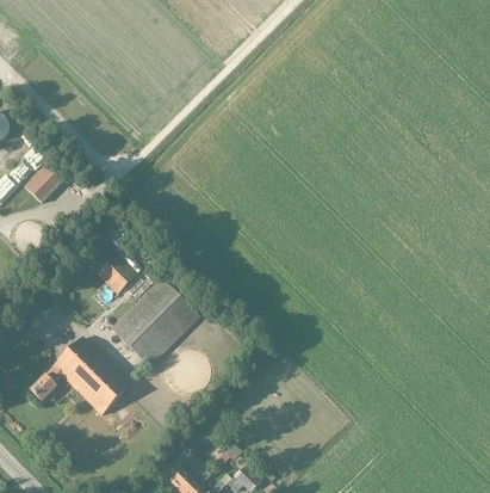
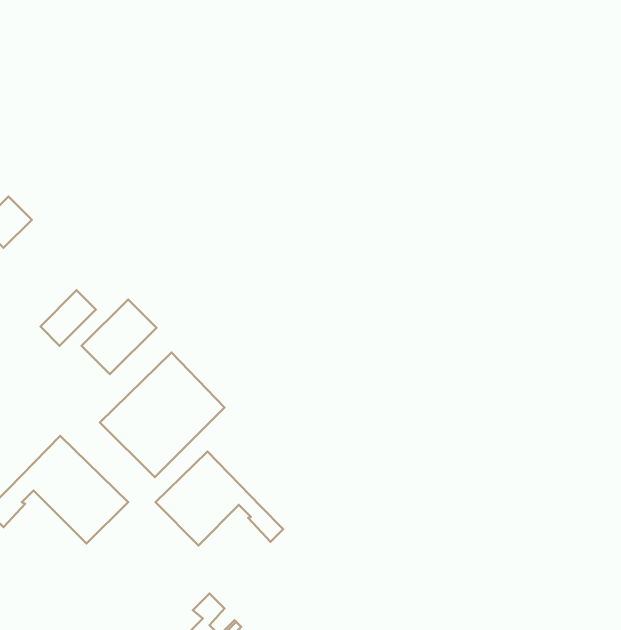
building: none -> [40,290,96,346]
building: none -> [156,452,283,545]

